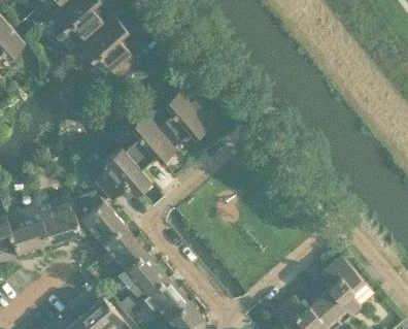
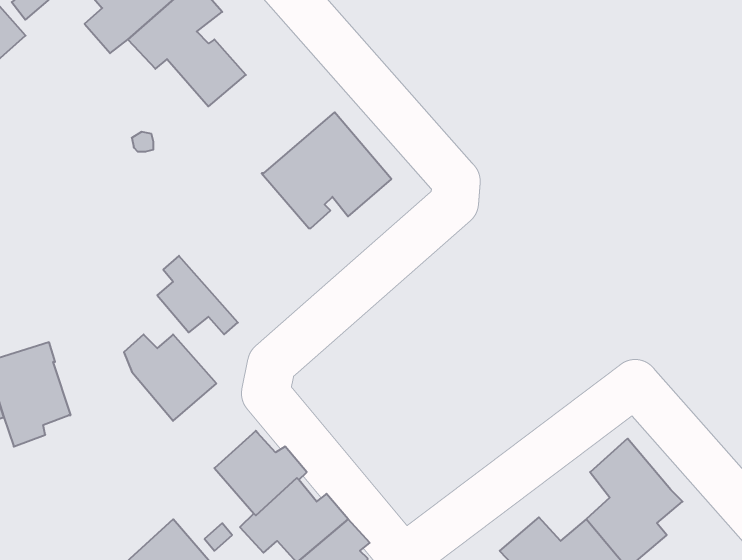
building: [120,113,176,183] -> none
building: [37,195,80,250] -> none
building: [97,233,151,271] -> none

